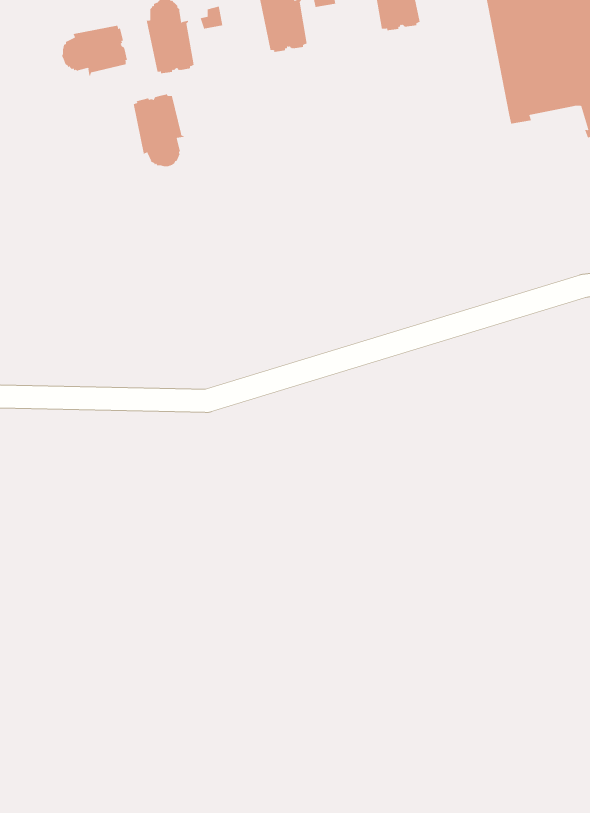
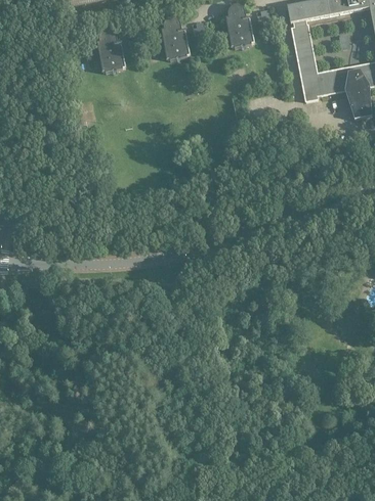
building: [62,25,128,76] -> none
building: [133,94,185,167] -> none

